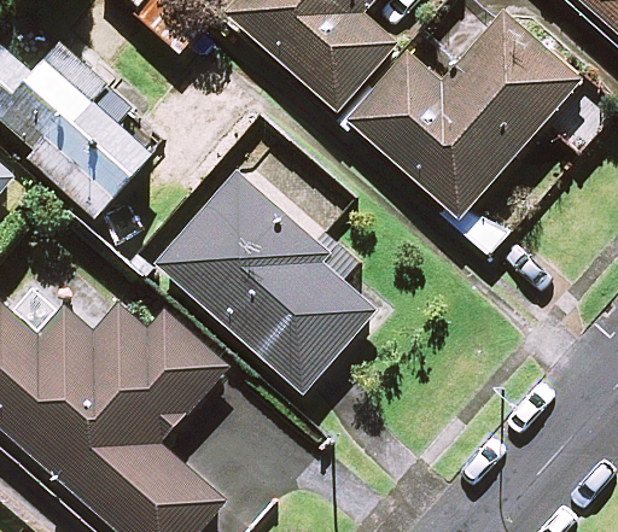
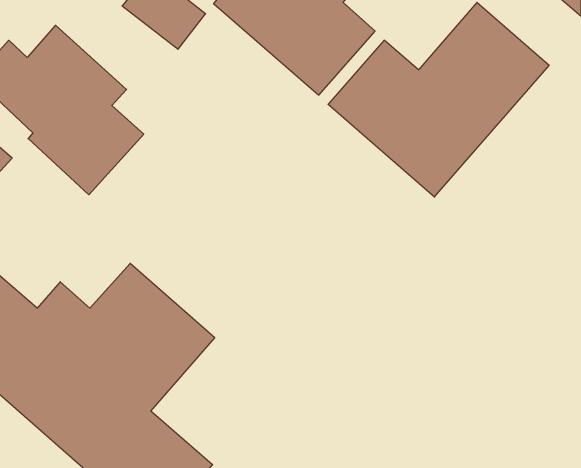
building: [156,173,374,393] -> none

